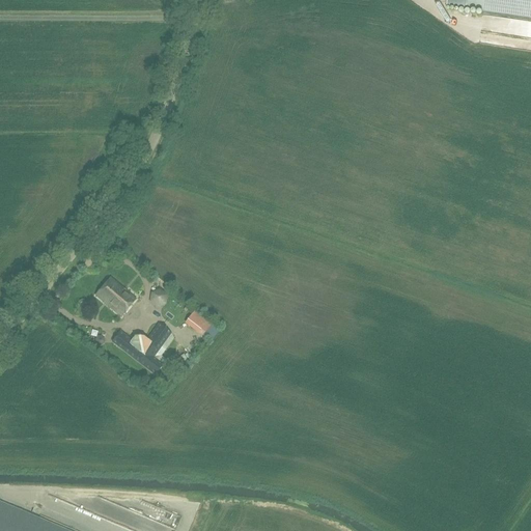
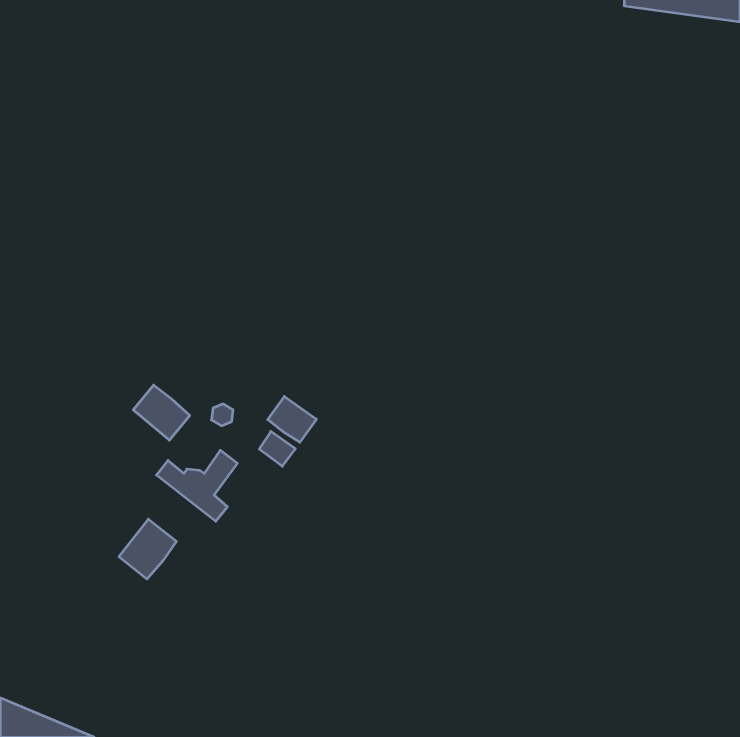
building: none -> [268,396,316,442]
building: none -> [119,519,176,579]

